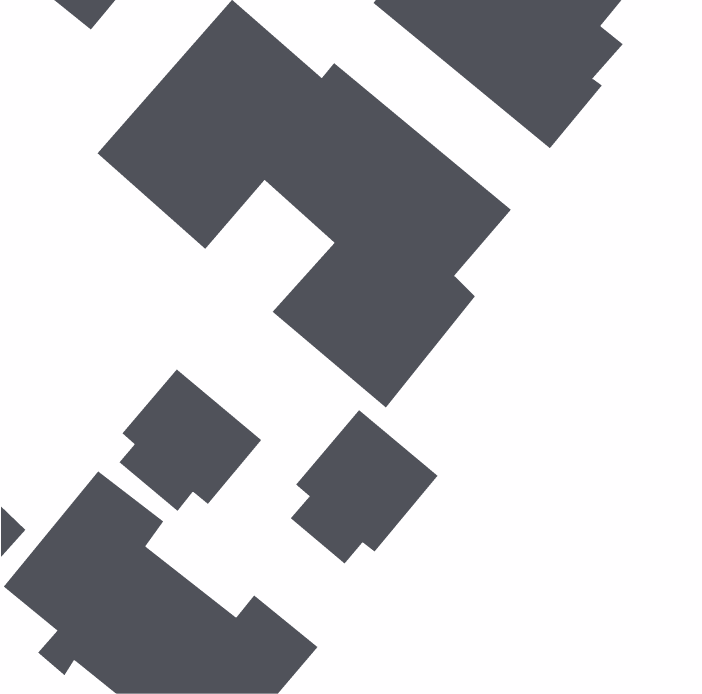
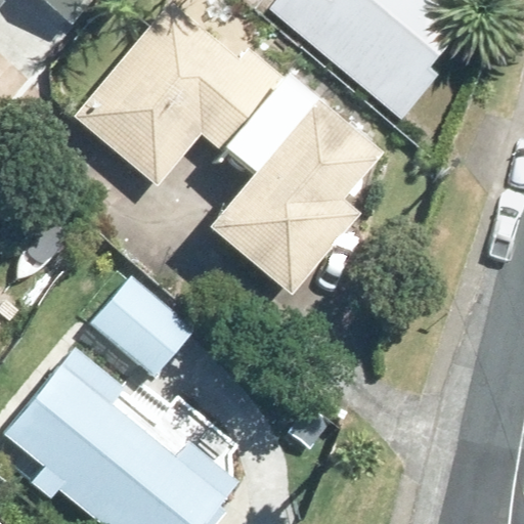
building: [290,409,438,564] -> none

